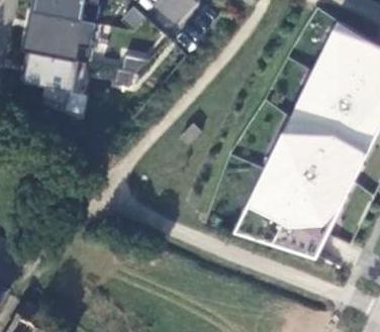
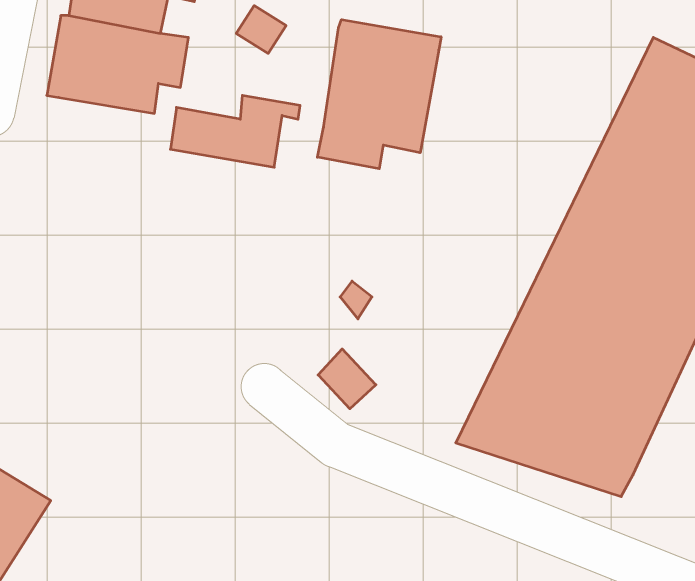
building: none -> [317,20,441,169]
building: [25,53,87,107] -> none

